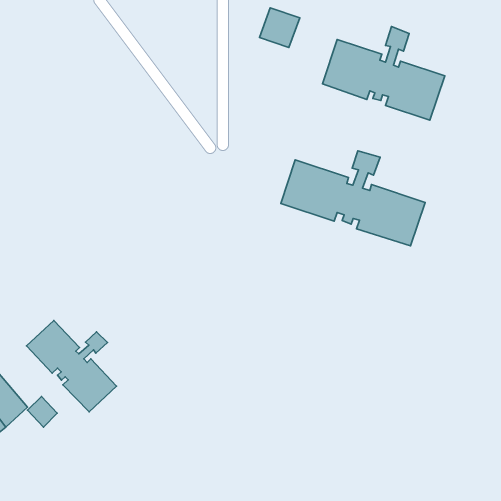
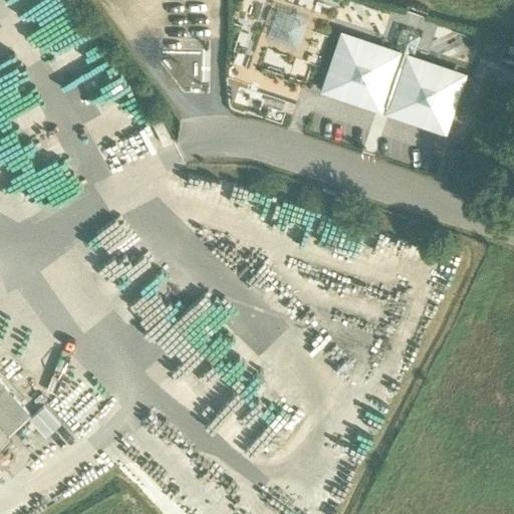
building: [281,151,425,246] -> none
building: [27,320,116,412] -> none

